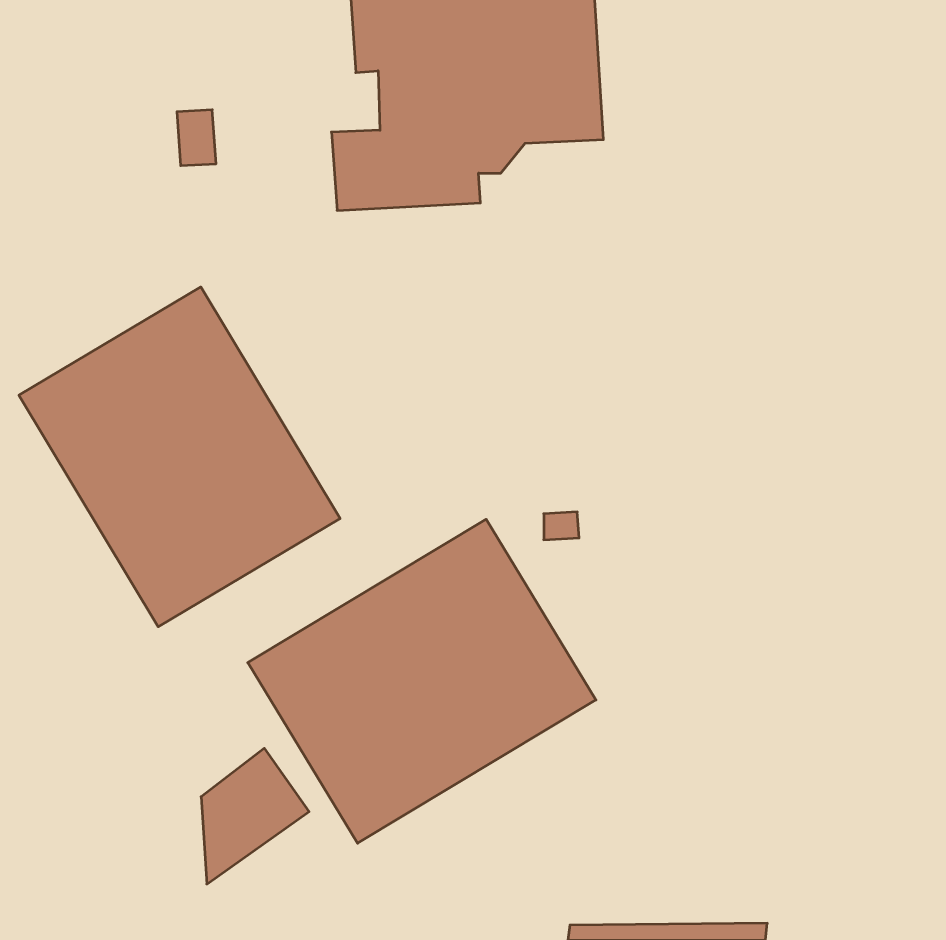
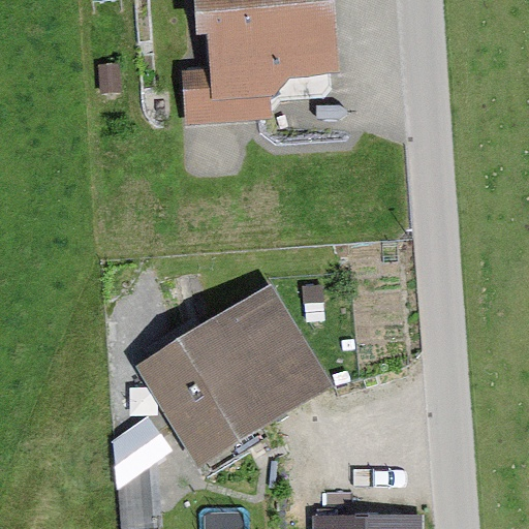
building: [19,287,340,627] -> none

